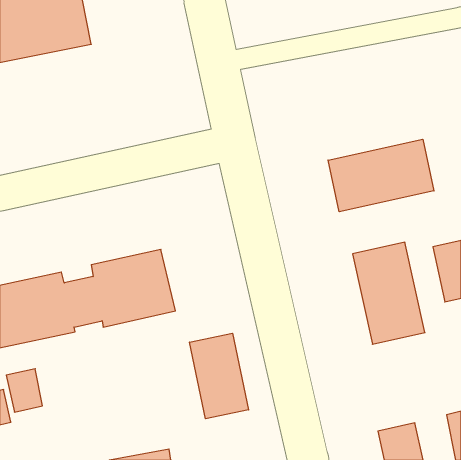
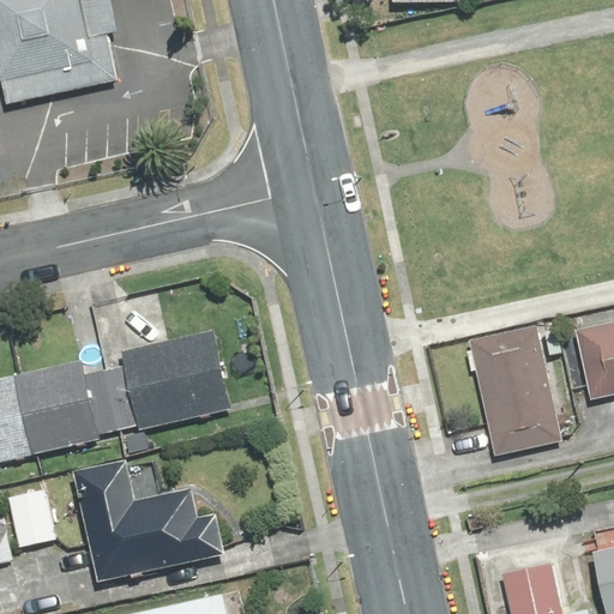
building: [328,139,434,212] -> none
building: [190,333,249,419] -> none
building: none -> [74,462,227,584]

